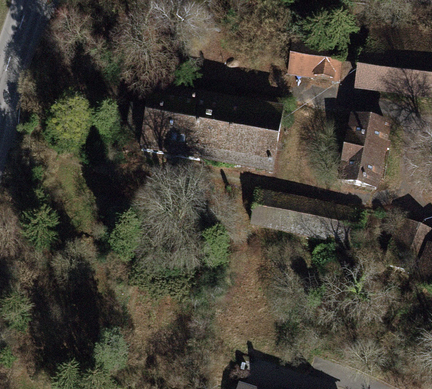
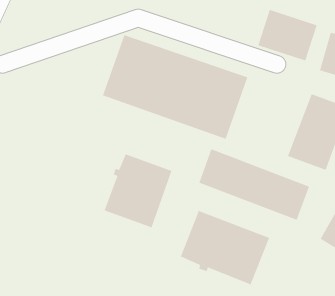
building: none -> [104,154,172,228]
building: none -> [180,210,270,285]

